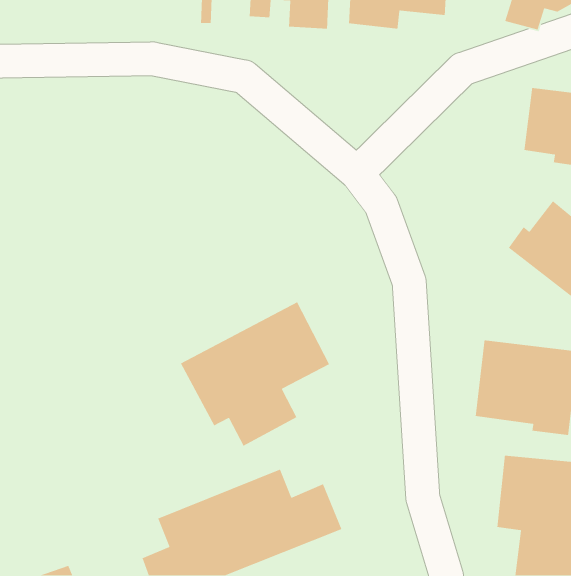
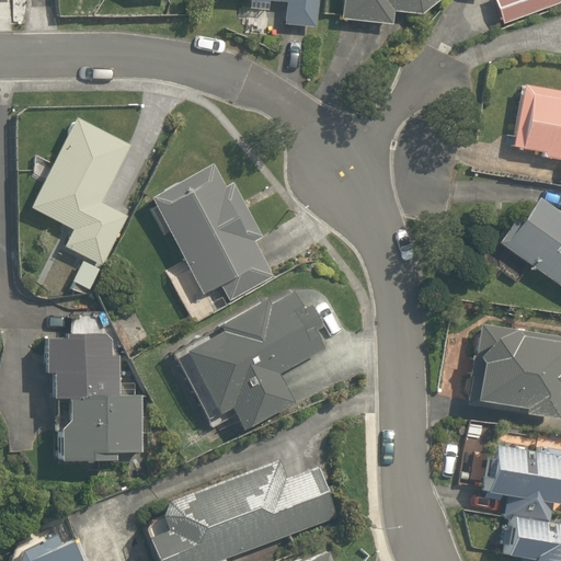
building: none -> [31,116,130,286]
building: none -> [149,164,282,306]
building: none -> [48,333,142,468]

